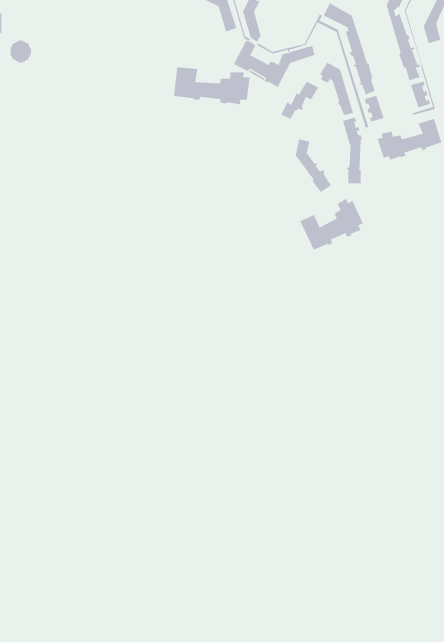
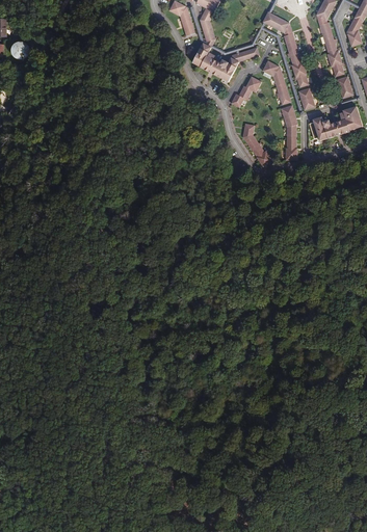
building: [174,67,250,105] -> none
building: [300,198,363,250] -> none

